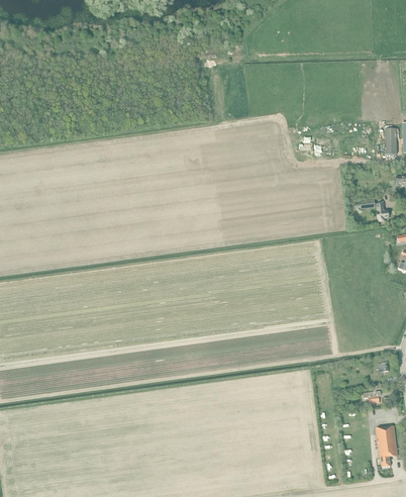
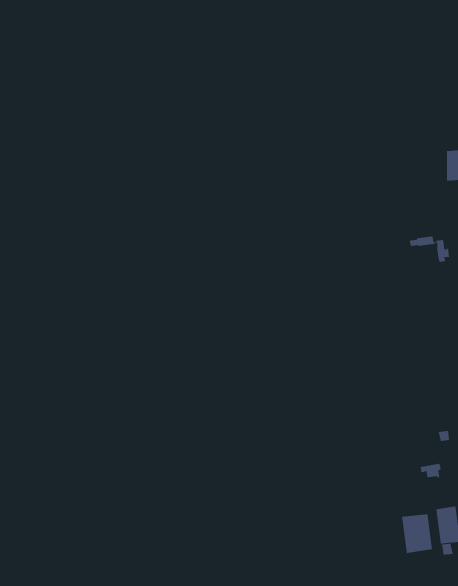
building: none -> [401,513,433,554]

